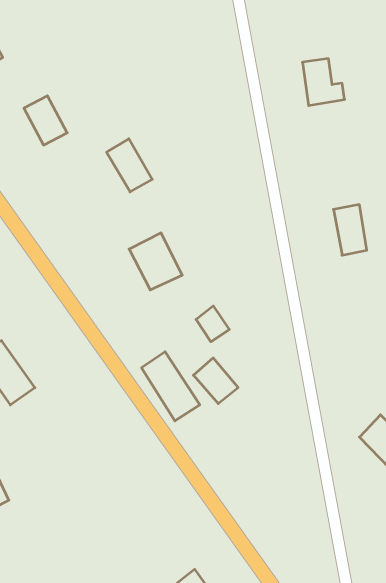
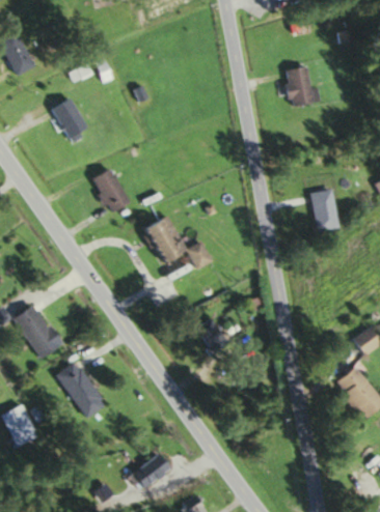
building: [107,139,152,192] -> [91,168,130,212]
building: [196,306,229,342] -> [186,239,214,269]
building: [142,352,200,421] -> [57,361,106,419]
building: none -> [137,451,175,485]

